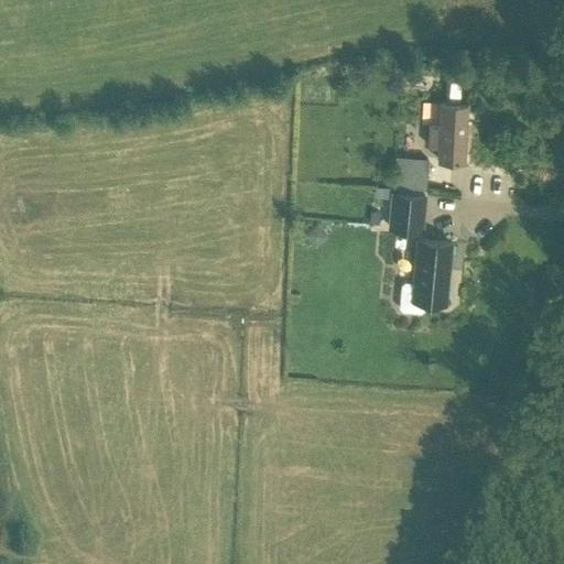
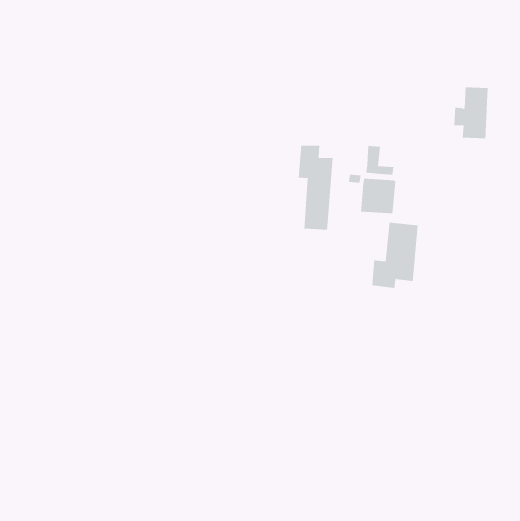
building: [432,106,469,162] -> [454,87,488,139]
building: none -> [298,145,333,231]

